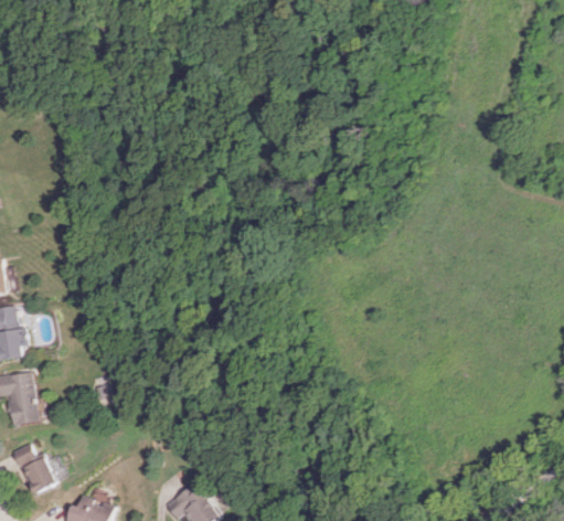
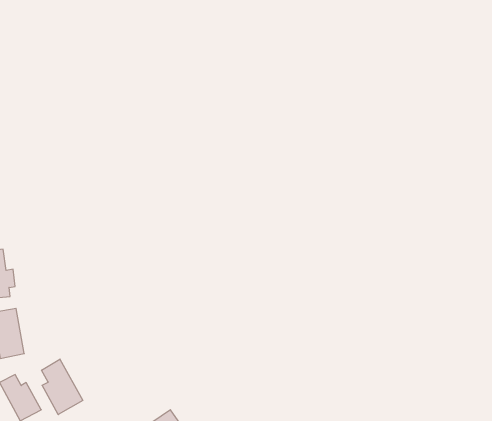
building: none -> [42,359,83,415]

